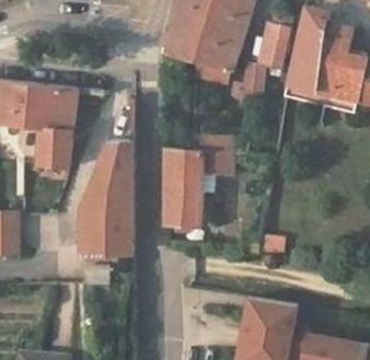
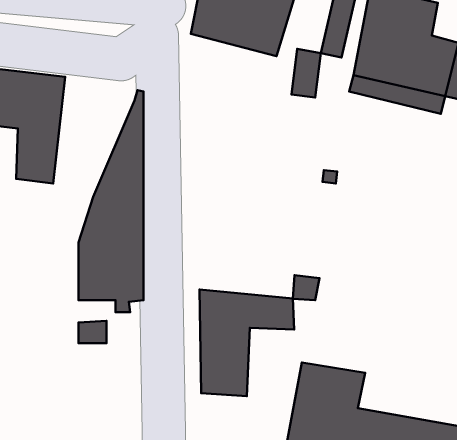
building: [164,147,234,225] -> [200,290,294,396]

